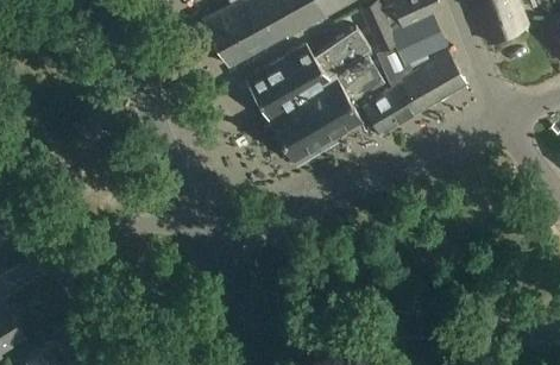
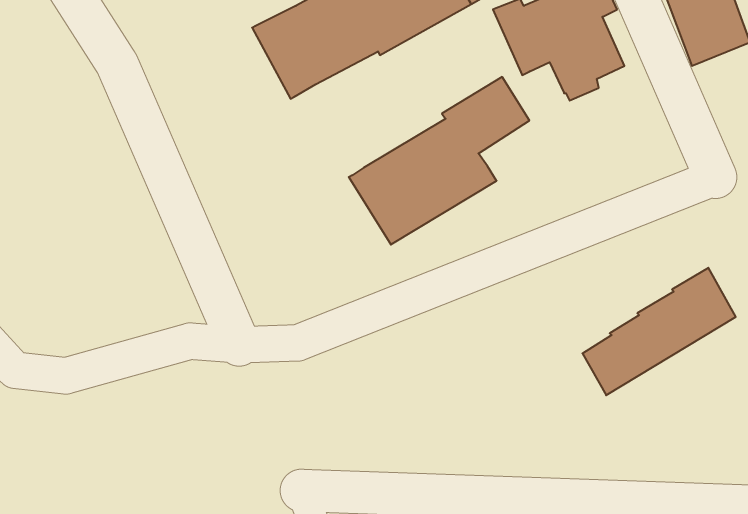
building: [245,29,370,118] -> none
building: [365,52,465,136] -> [582,268,736,395]

